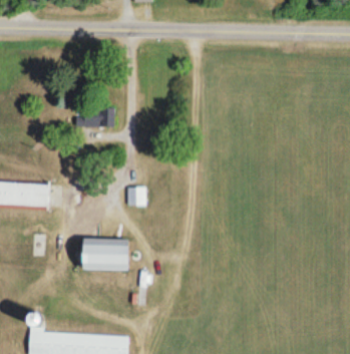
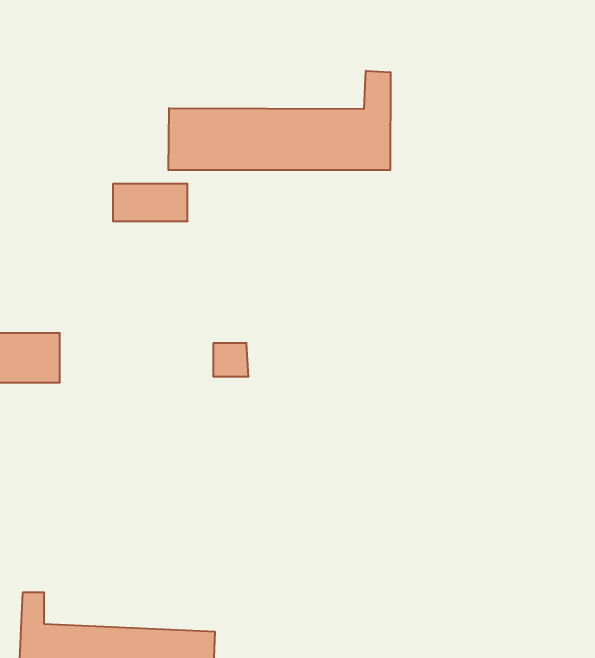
building: none -> [168,71,390,170]
building: [81,238,128,270] -> none

